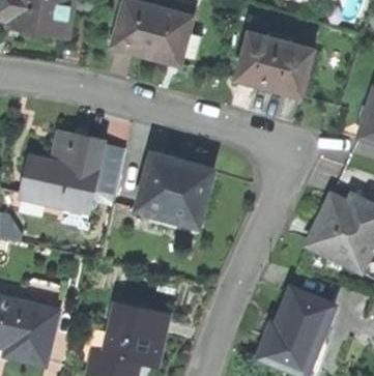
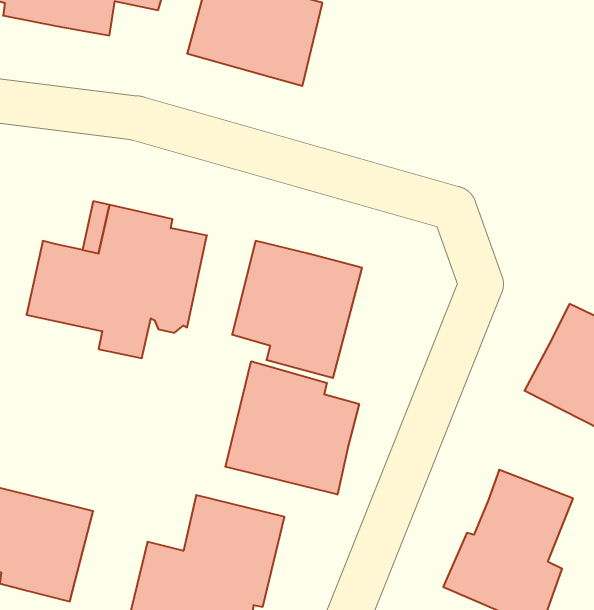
building: [235,32,312,96] -> none
building: none -> [226,361,359,495]

